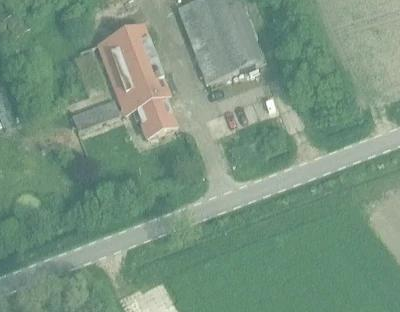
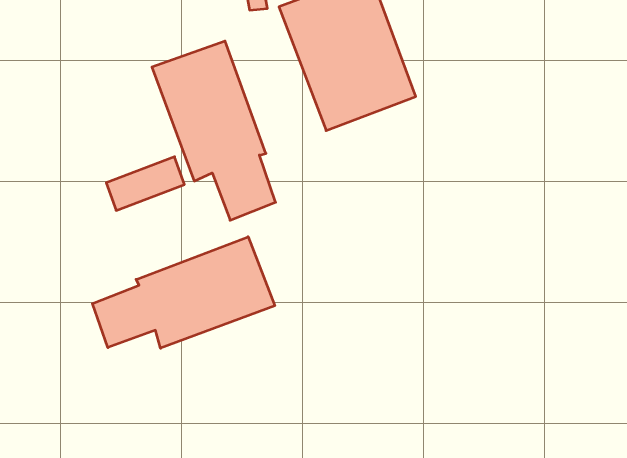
building: none -> [92,237,275,348]

